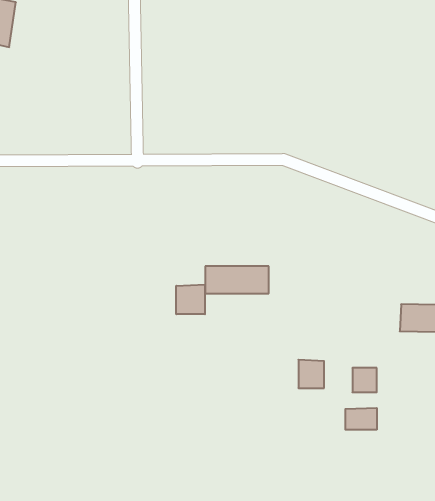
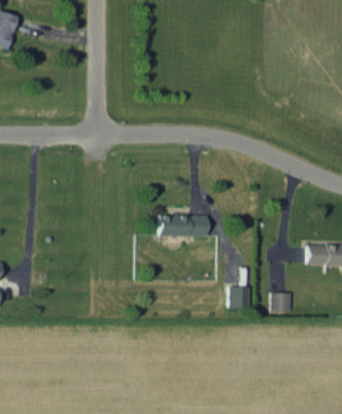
building: [176,284,205,314] -> none
building: [345,408,377,430] -> none

